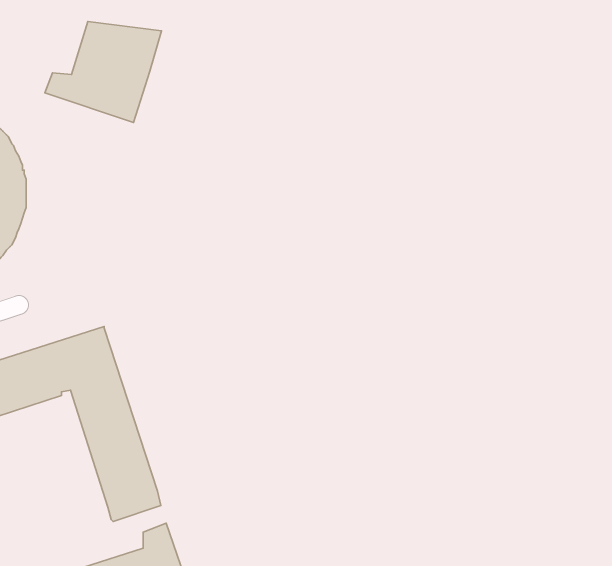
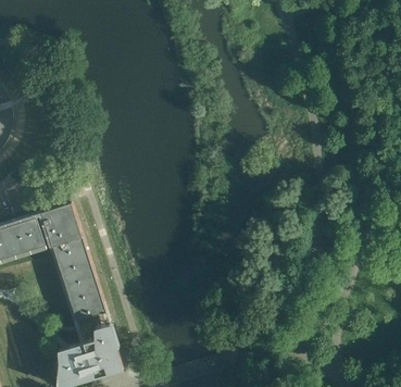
building: [45,22,162,122] -> none

